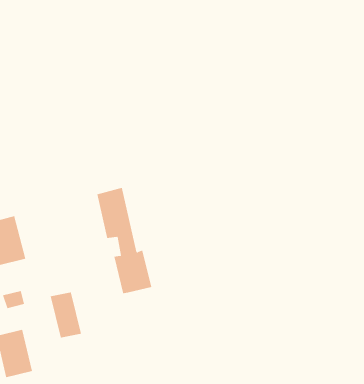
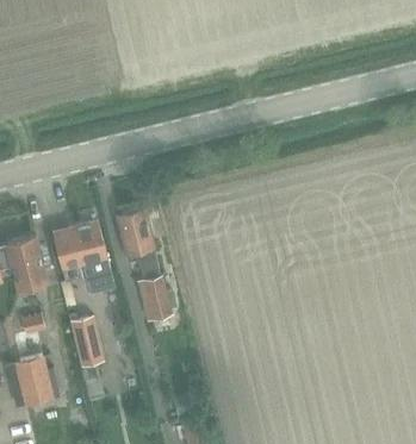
building: none -> [52,220,114,292]

